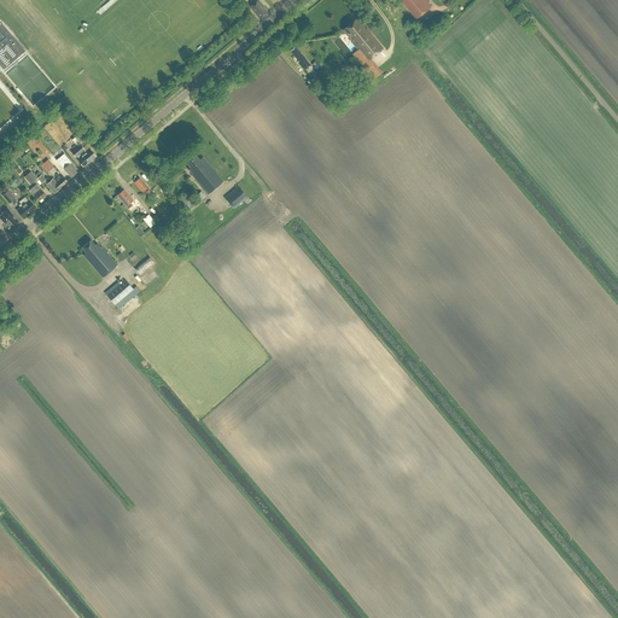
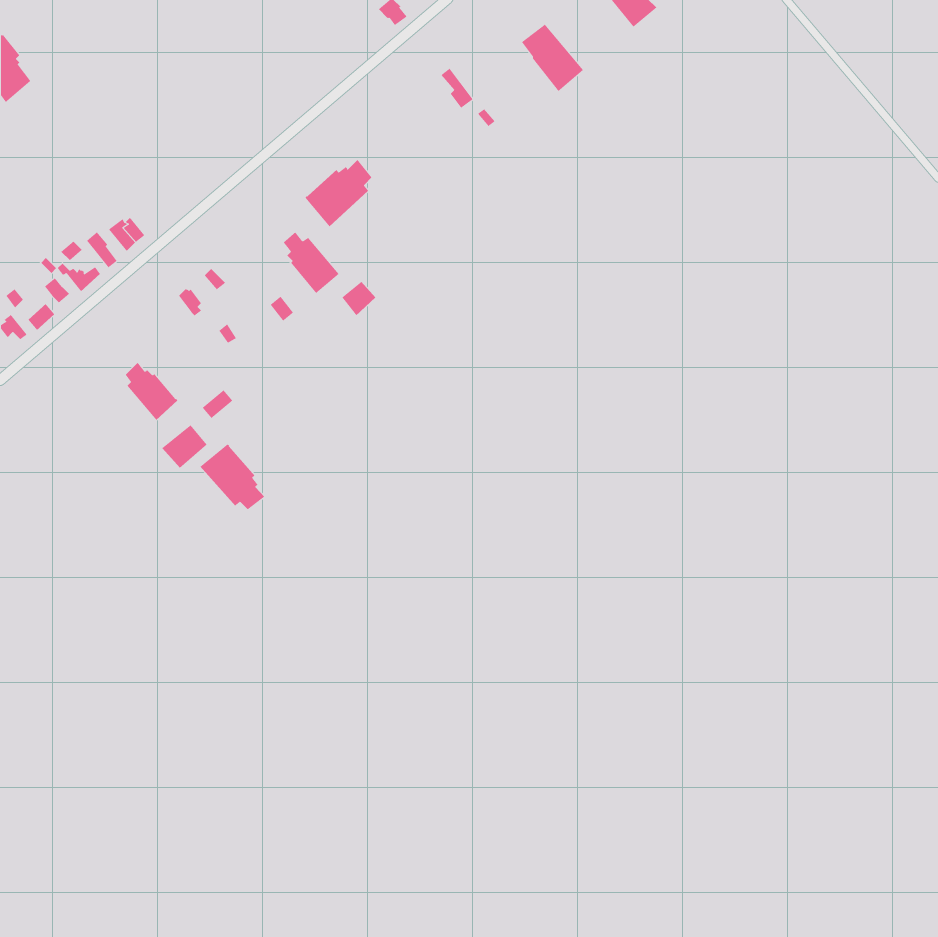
building: none -> [305,159,372,227]
building: none -> [199,443,265,510]

